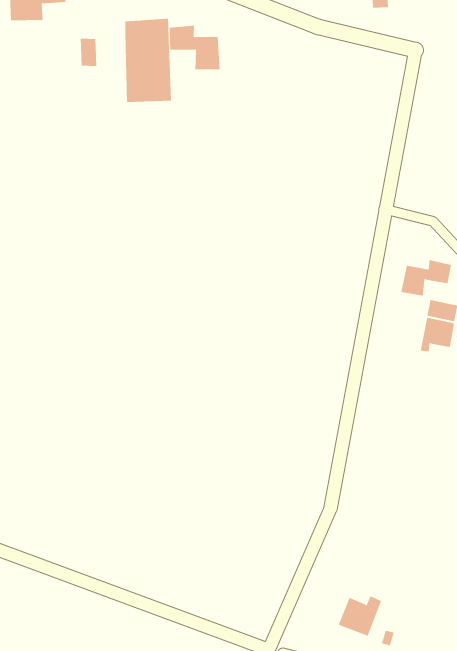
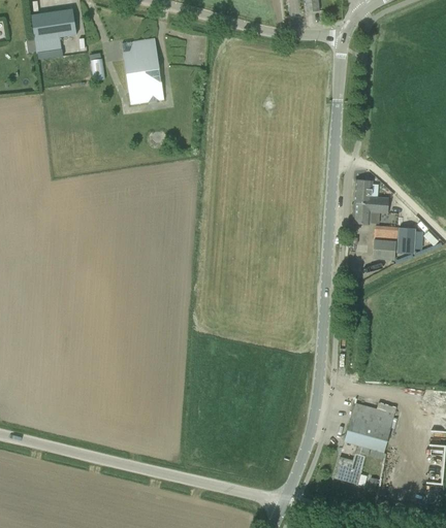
building: [169,25,220,70] -> none
building: none -> [354,179,372,204]
building: none -> [346,402,397,452]

